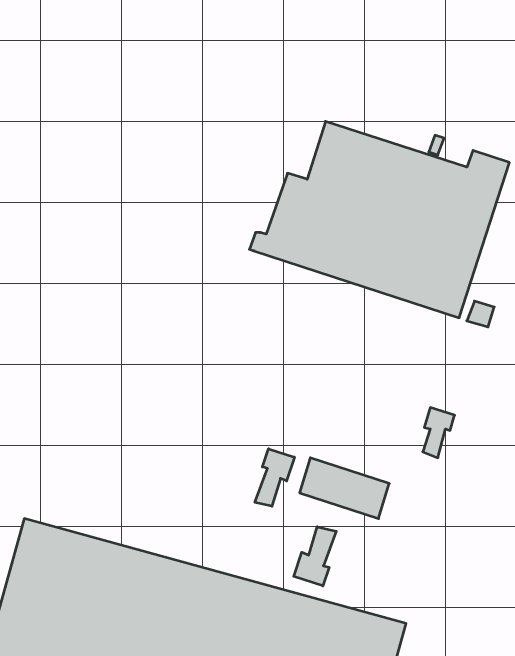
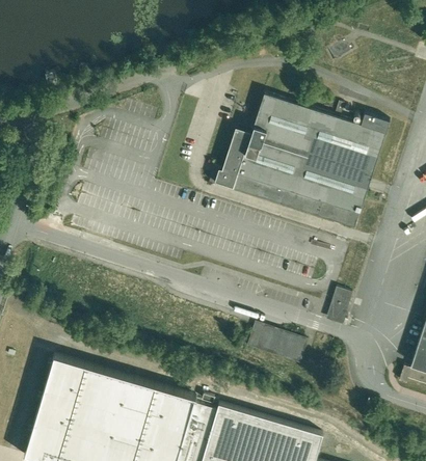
building: [255,449,294,506] -> none
building: [294,527,336,586] -> none

